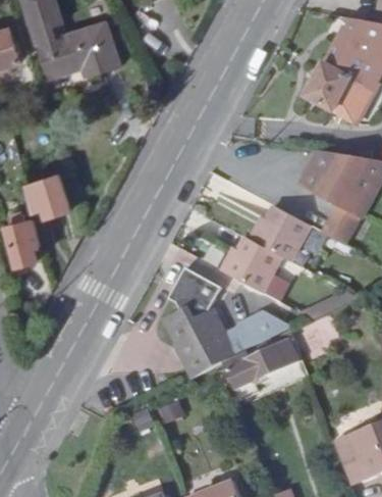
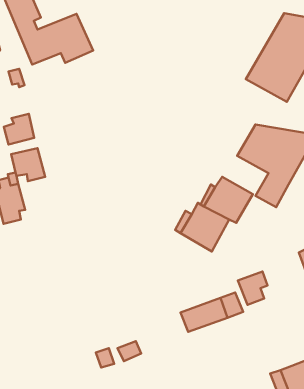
building: none -> [4,114,34,145]
building: [166,270,289,380] -> none

